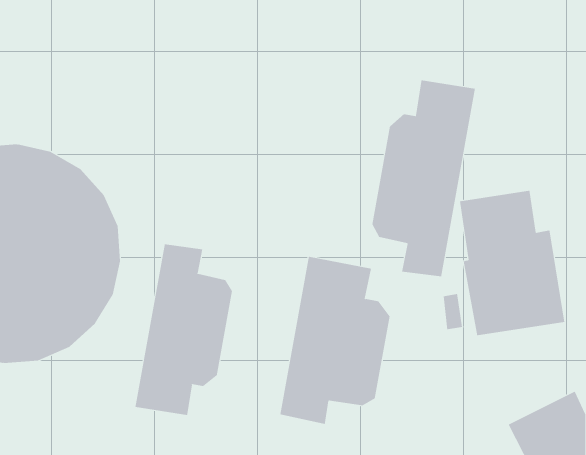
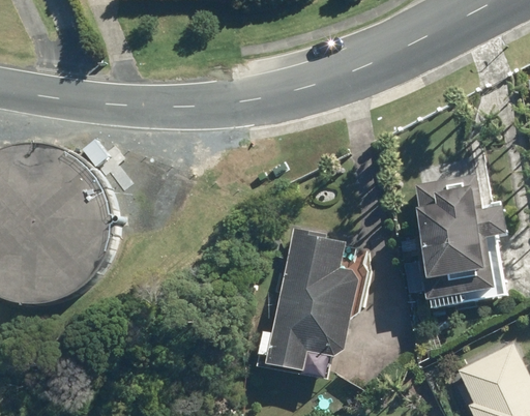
building: [372,80,476,277] -> none
building: [135,244,232,416] -> none

